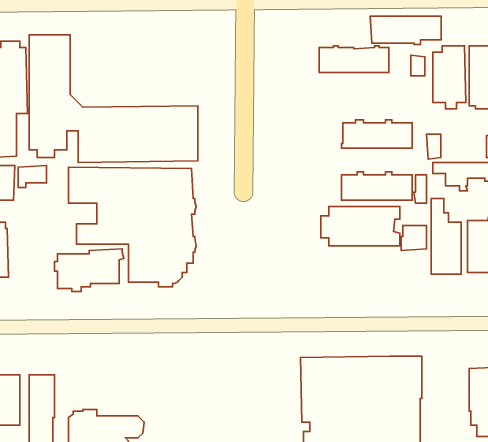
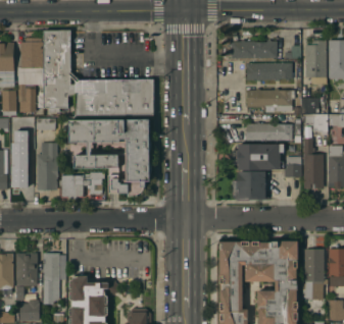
building: [370,16,441,45] -> [245,62,291,80]
building: none -> [36,142,57,190]
building: none -> [232,170,267,200]
building: none -> [303,248,323,284]

